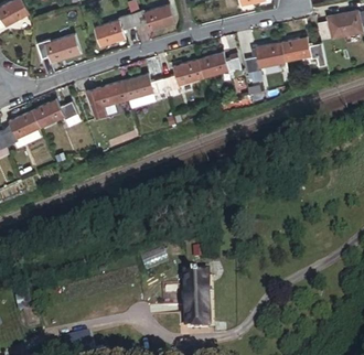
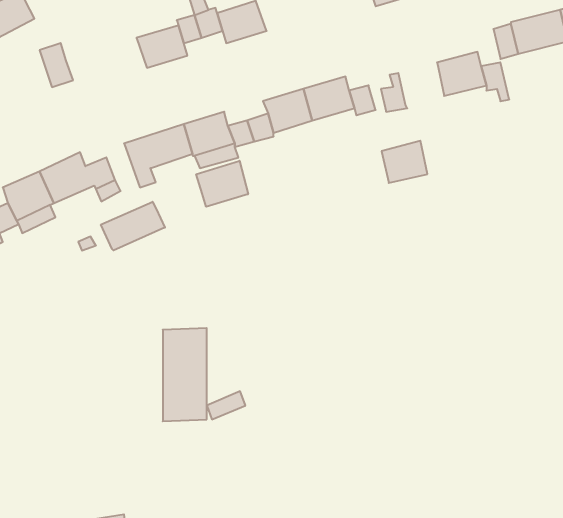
building: [49,34,82,62] -> none
building: [257,43,286,69] -> [382,141,427,183]
building: none -> [196,161,248,207]
building: none -> [101,202,165,250]
building: [178,266,205,324] -> [163,328,207,421]

